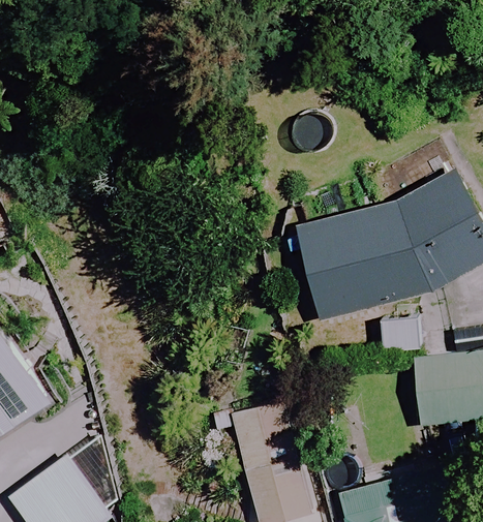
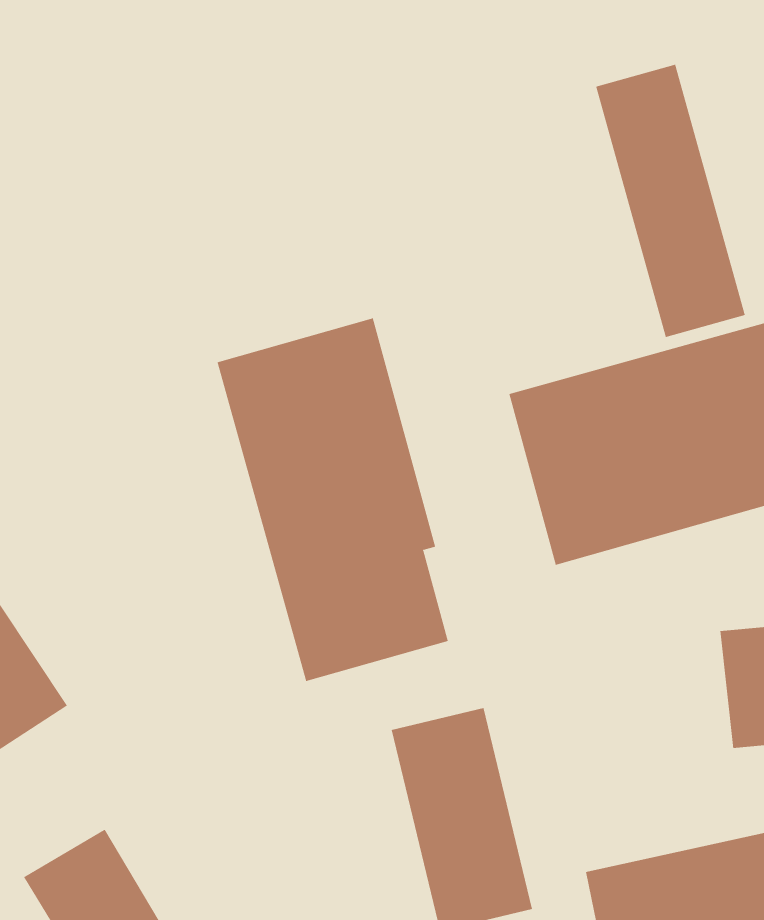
building: none -> [596,64,746,338]
building: none -> [217,318,449,682]

